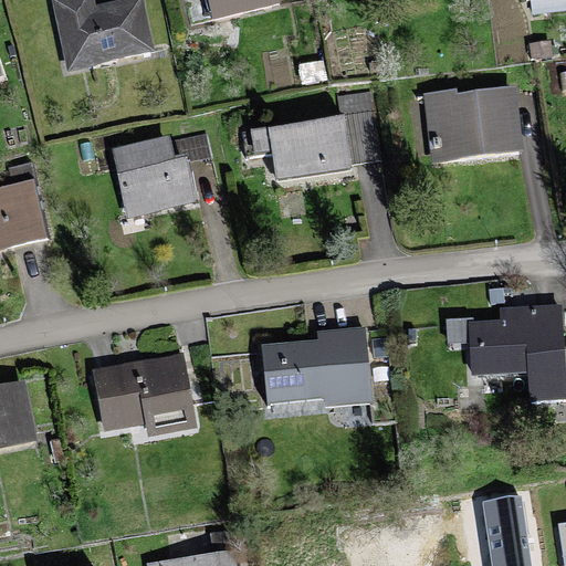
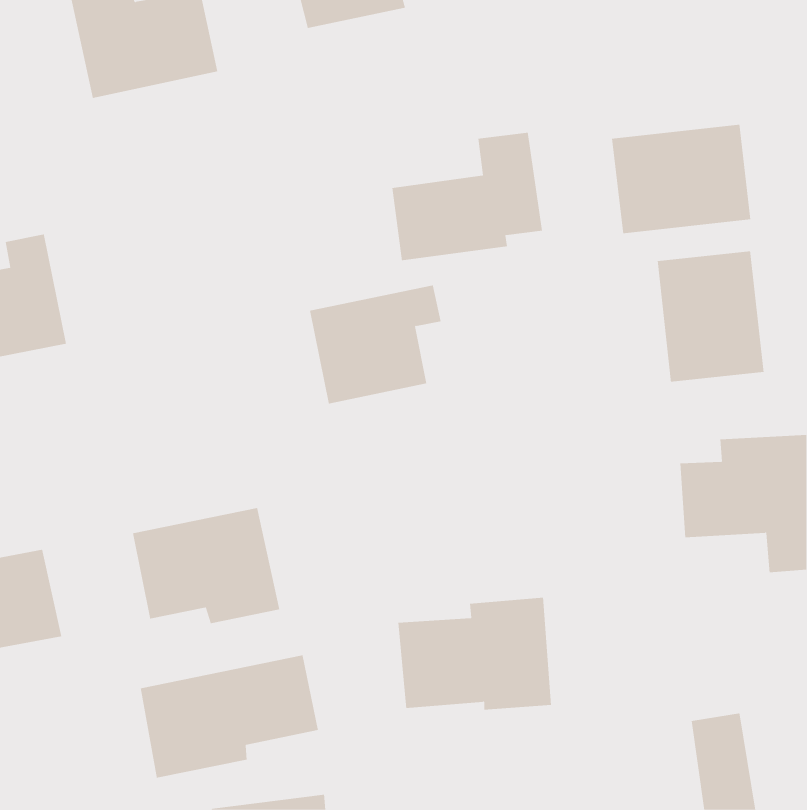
building: [113,132,205,214] -> [309,285,441,404]
building: none -> [657,251,764,382]
building: [265,327,373,406] -> [397,597,552,710]
building: none -> [140,655,318,778]

